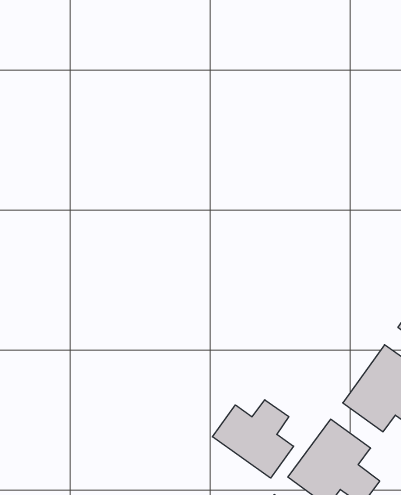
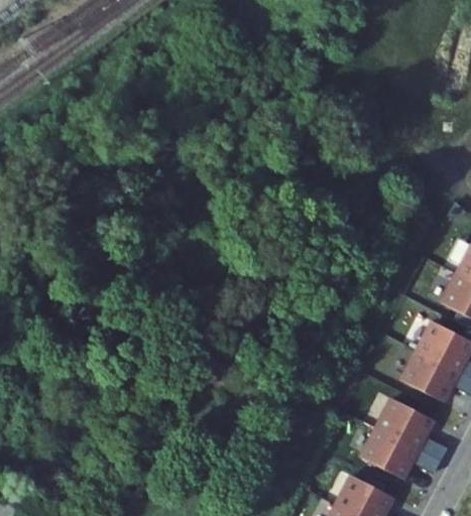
building: [212,400,294,478] -> none

